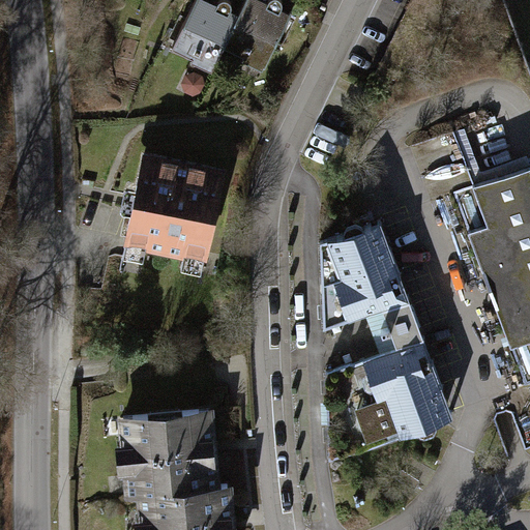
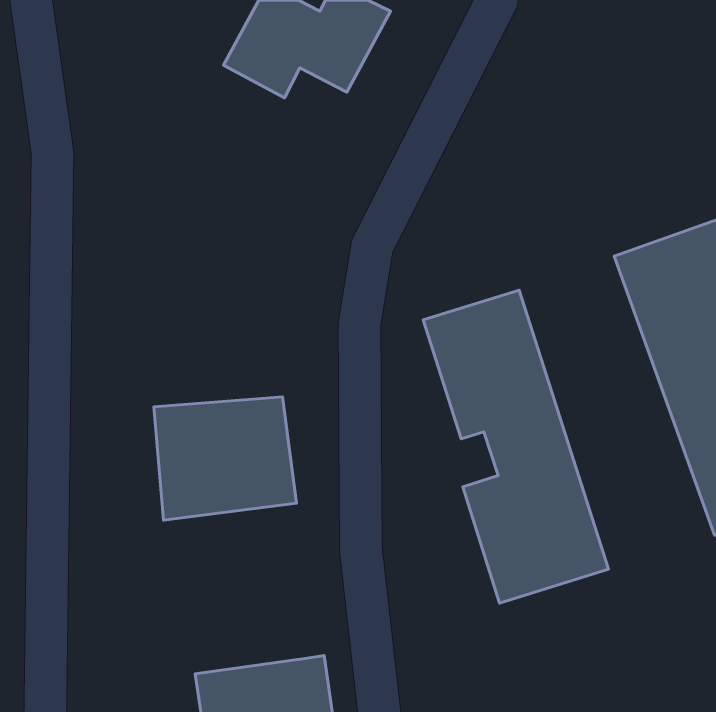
building: [120,161,223,264] -> none
building: [125,412,230,502] -> [154,397,297,520]

